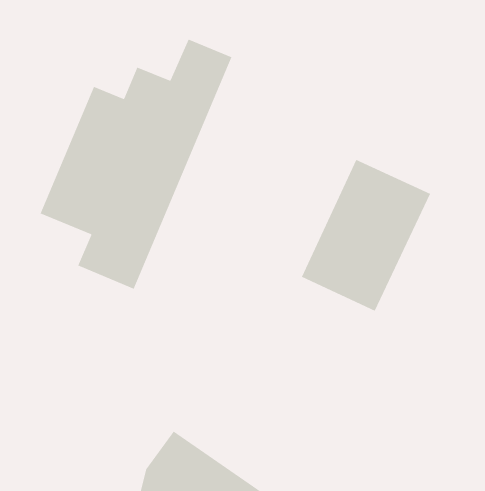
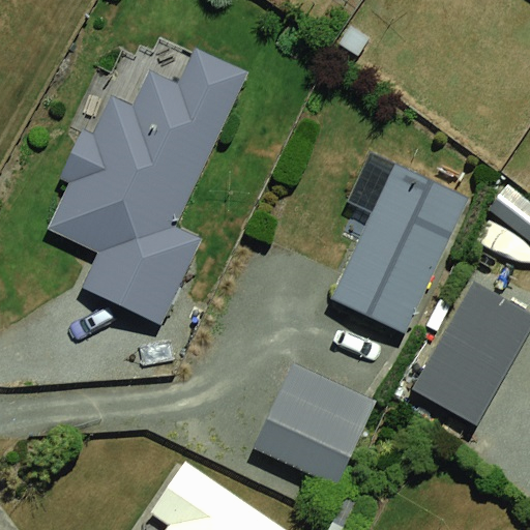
building: none -> [404,291,524,429]
building: none -> [246,363,371,484]

